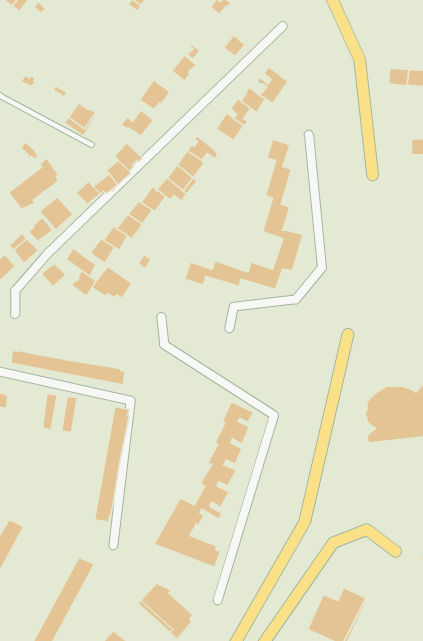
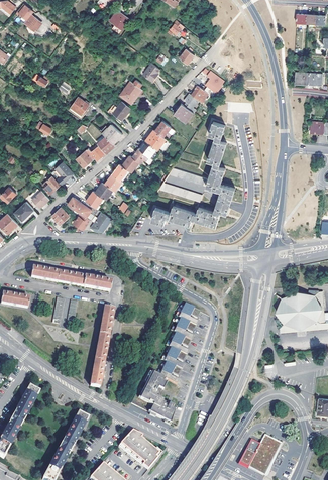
building: [9,158,59,209] -> none
building: none -> [159,167,207,201]

